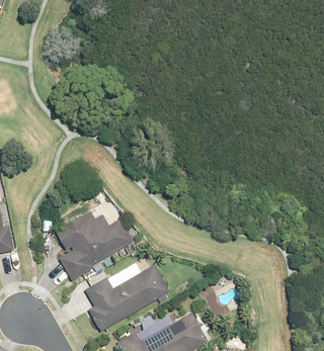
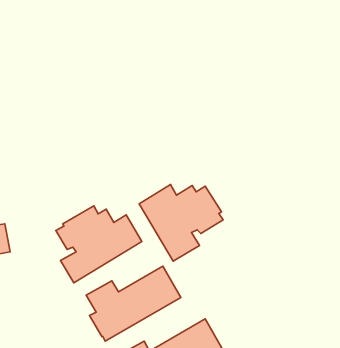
building: none -> [139,184,223,261]

